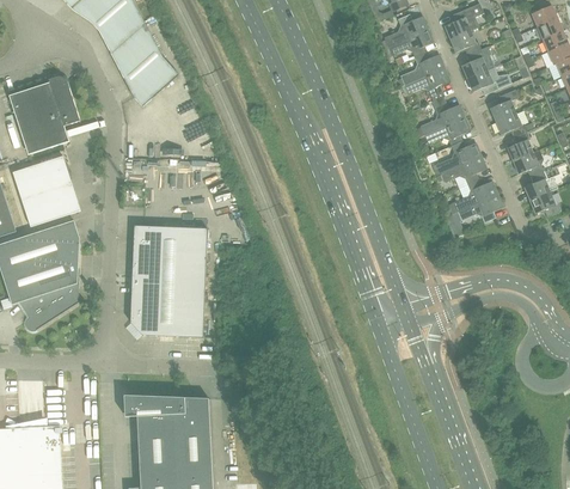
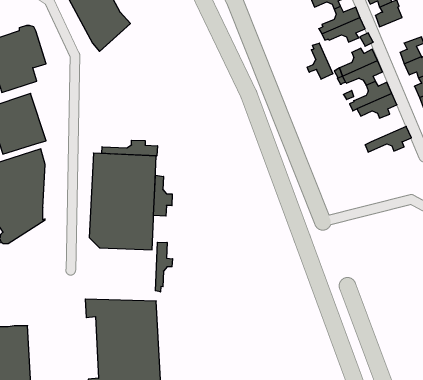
building: [466,66,510,93] -> none
building: none -> [307,43,333,79]
building: [452,178,497,210] -> none
building: none -> [102,140,157,156]
building: none -> [154,175,172,216]
building: none -> [155,242,173,292]

